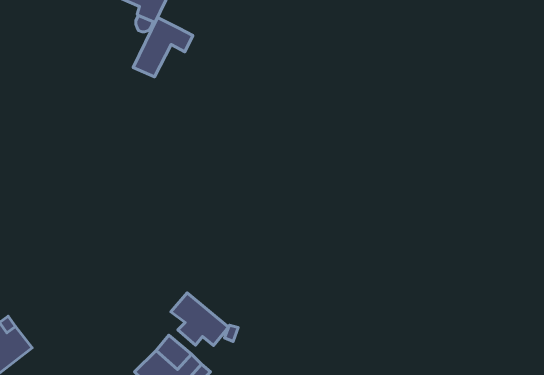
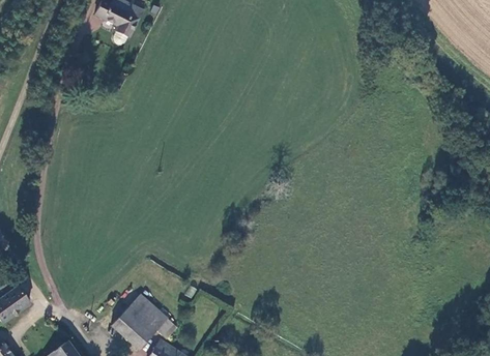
building: [133,17,193,77] -> none
building: [171,293,229,345] -> none

